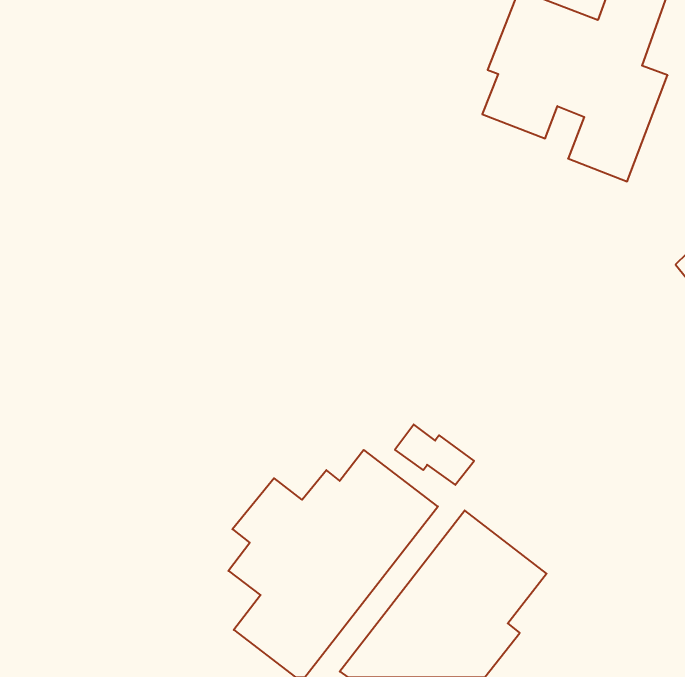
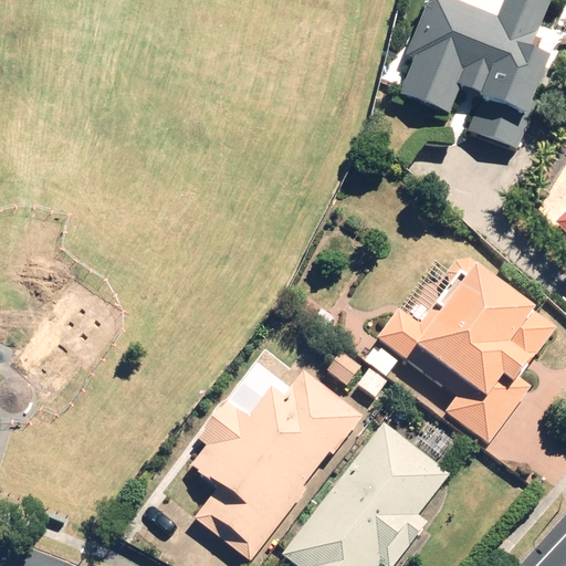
building: none -> [380,258,558,444]

